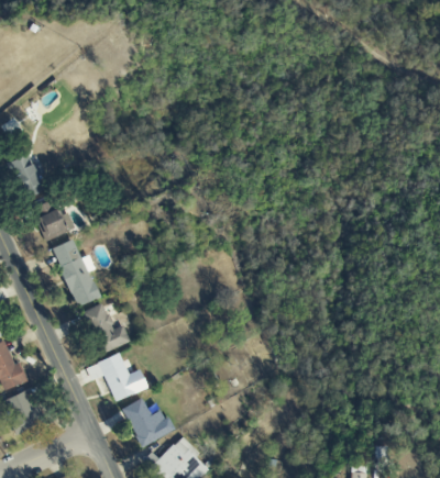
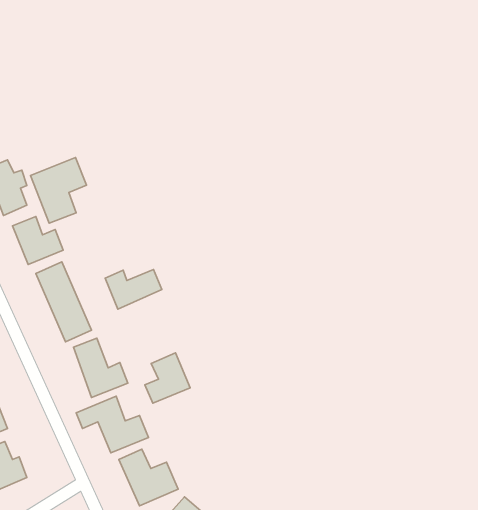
building: none -> [31,158,87,223]
building: none -> [105,270,162,309]
building: none -> [145,353,190,403]

